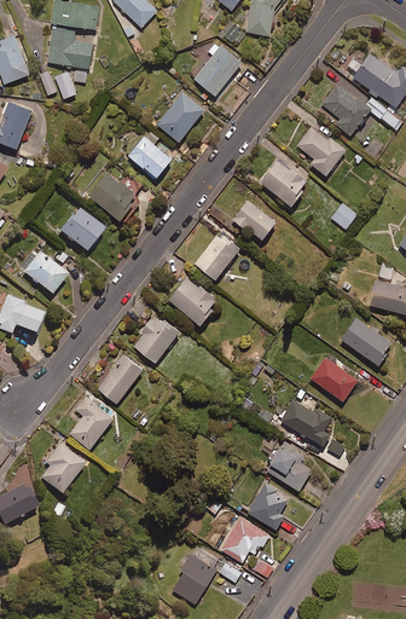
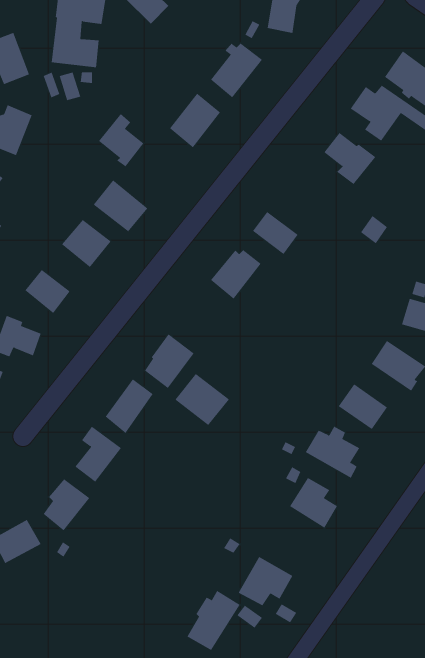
building: [129,133,172,183] -> [98,113,144,167]
building: [260,158,308,206] -> none
building: [167,276,218,324] -> [174,373,230,426]
building: [246,482,289,530] -> none

